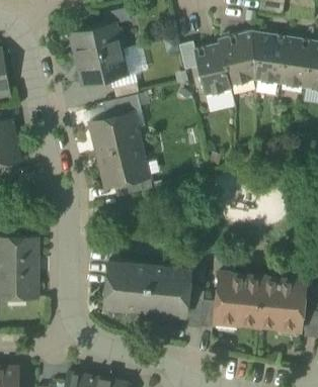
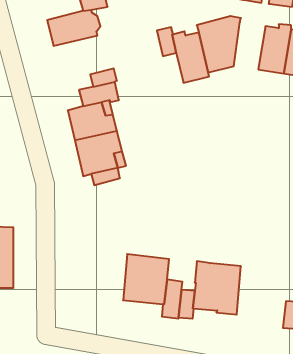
building: [254,34,287,83] -> none
building: [76,50,128,86] -> none
building: [103,261,149,310] -> none
building: [257,277,306,327] -> none

